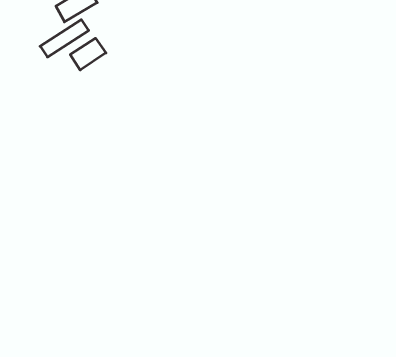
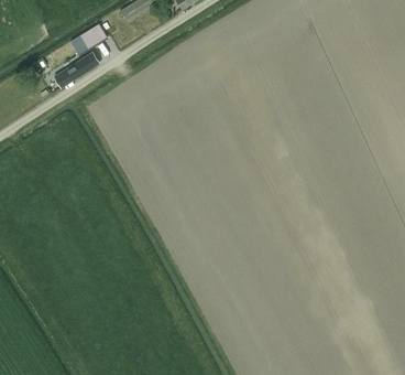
building: [70,38,106,70] -> none

